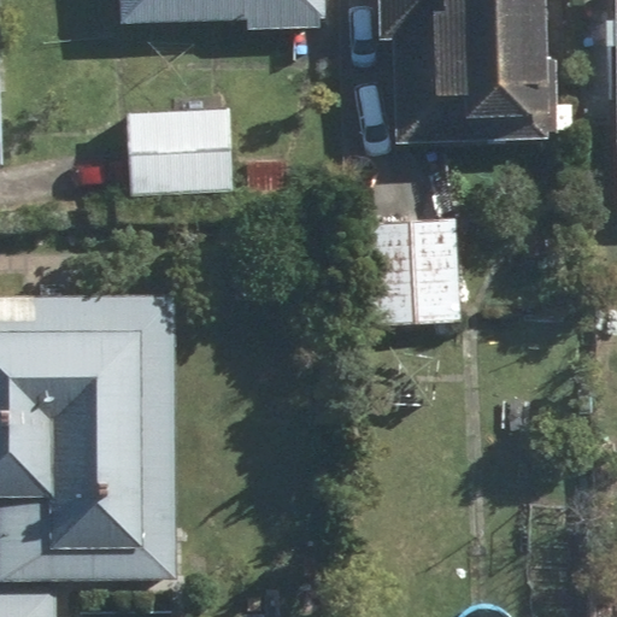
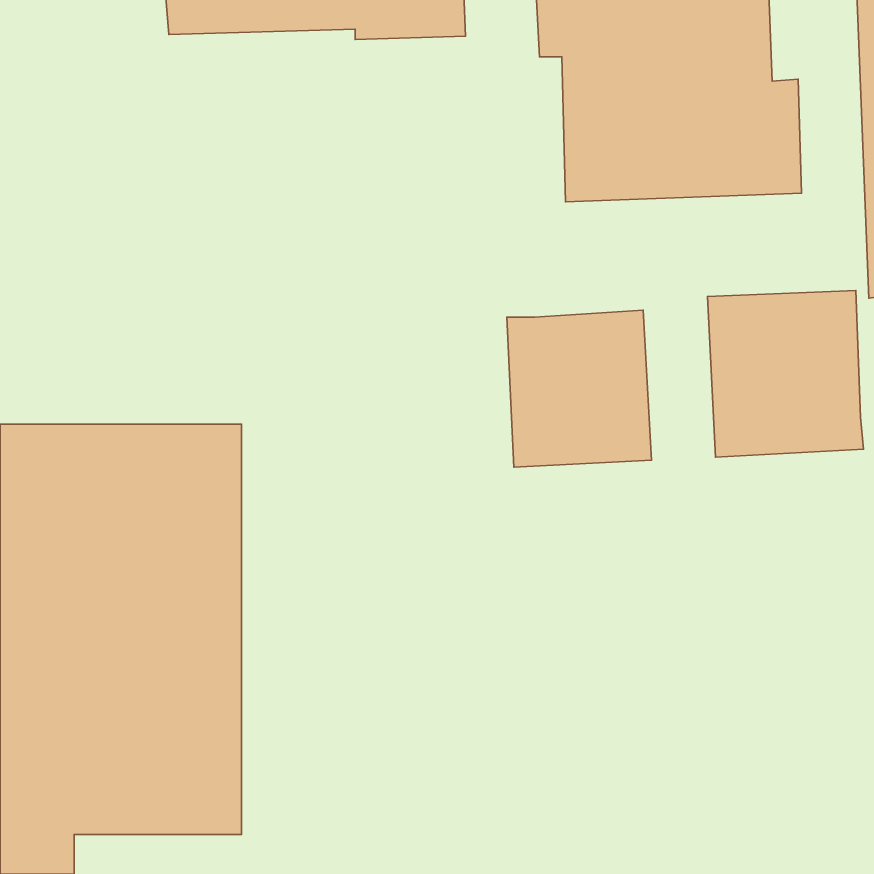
building: [122,107,229,198] -> none
building: none -> [707,290,864,457]

